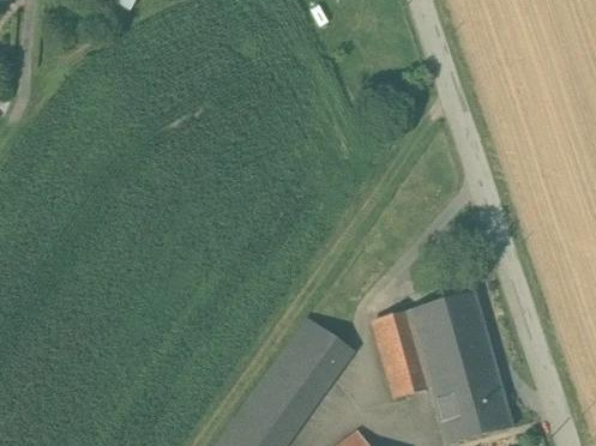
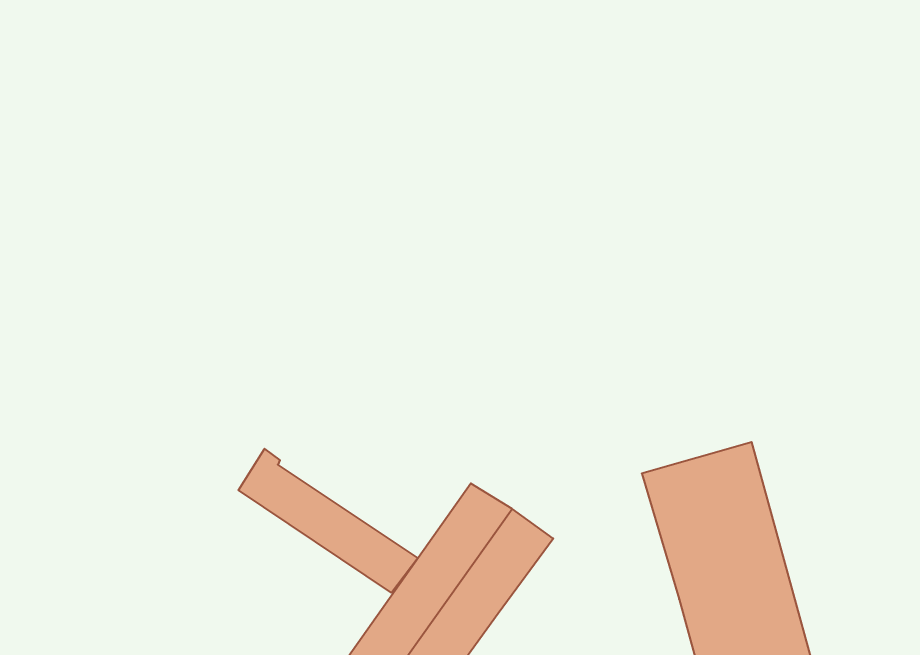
building: none -> [238,449,418,593]
building: [374,311,431,397] -> none

